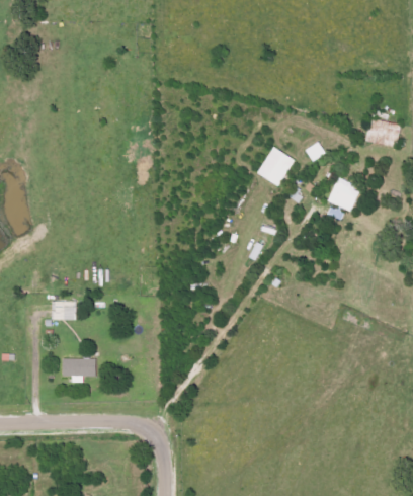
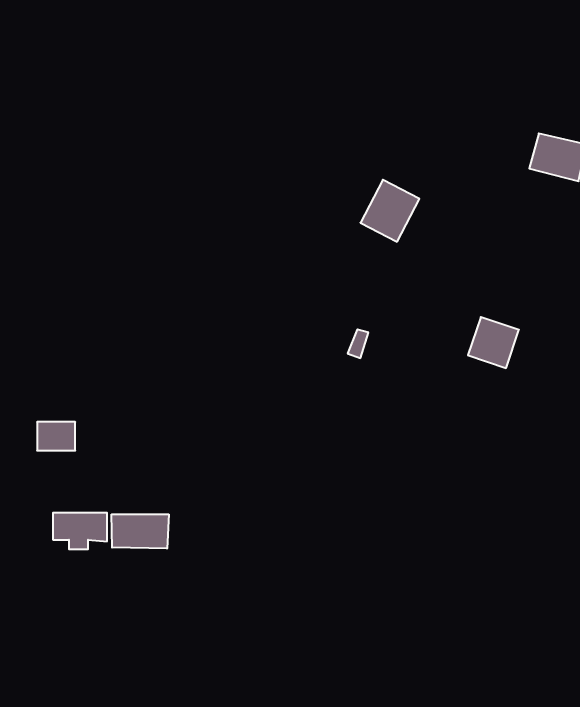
building: [328,178,360,211] -> [468,317,519,368]
building: none -> [112,514,169,549]

